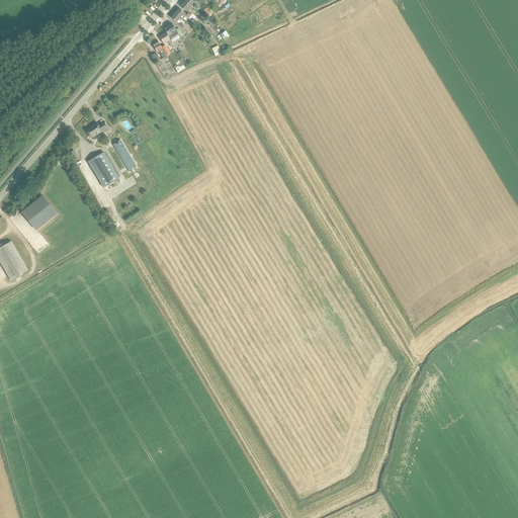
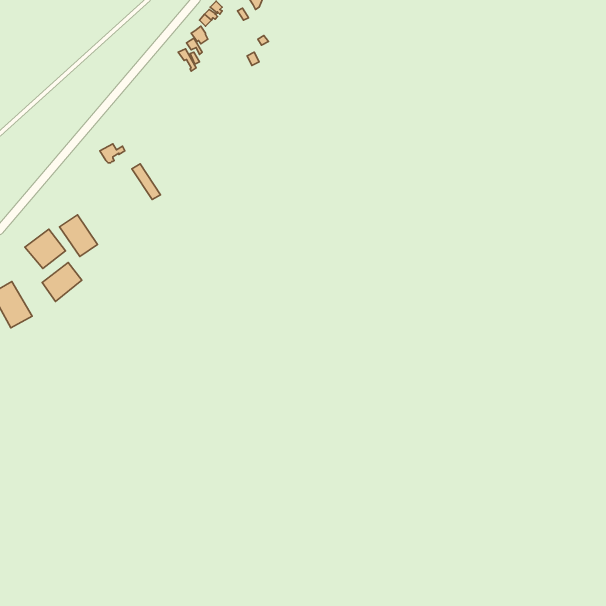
building: [87,151,119,186] -> [60,215,98,256]
building: none -> [42,263,82,301]

